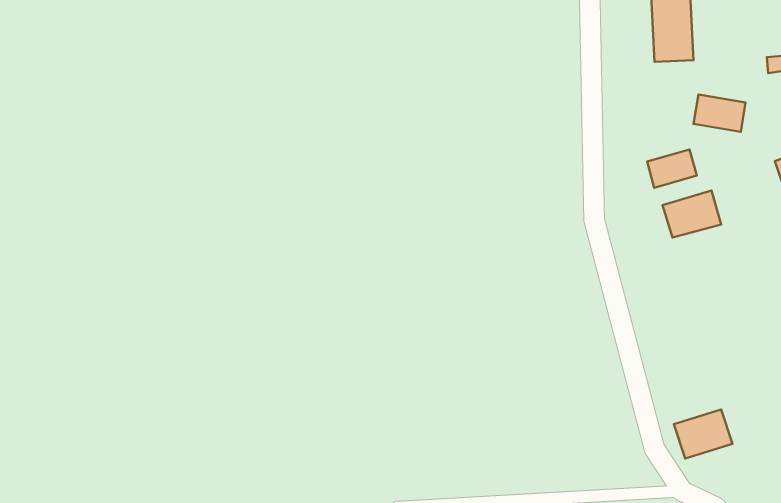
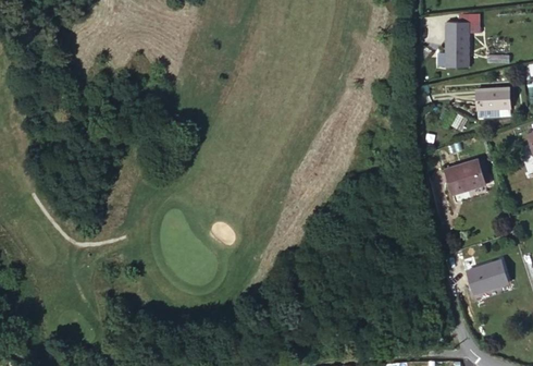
building: [647,150,697,188] -> none
building: [674,410,732,458] -> [468,257,507,290]

